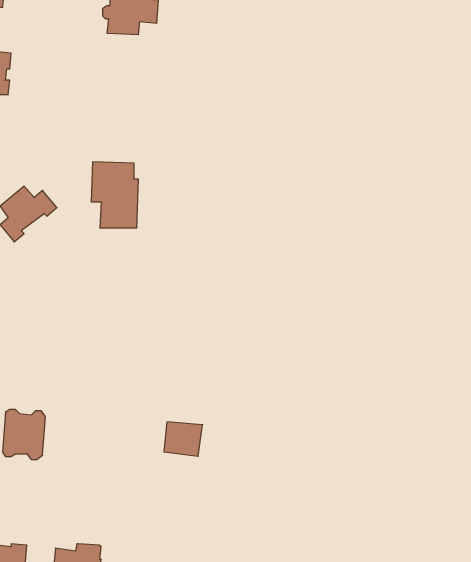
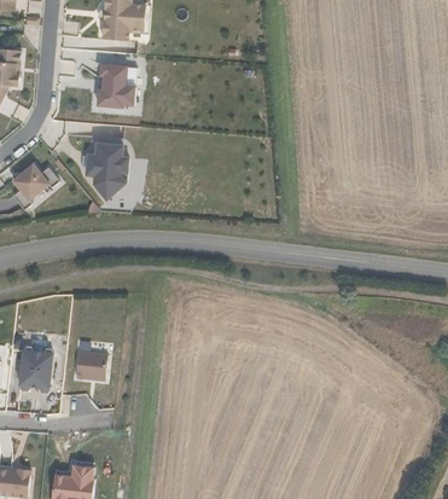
building: none -> [94,64,133,109]
building: [164,422,203,456] -> [77,350,110,379]

